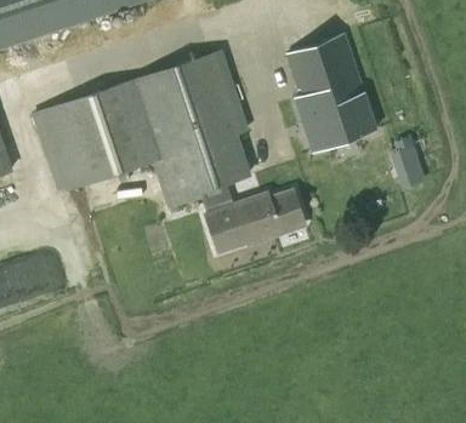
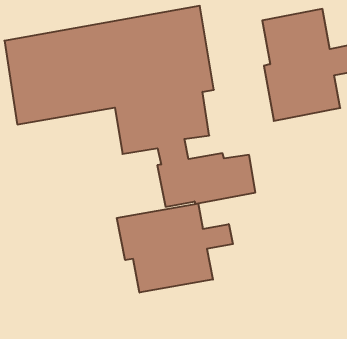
building: none -> [117,204,233,293]

